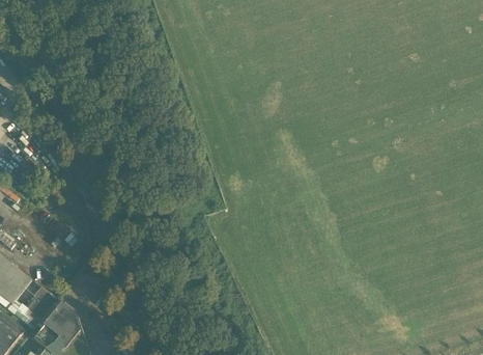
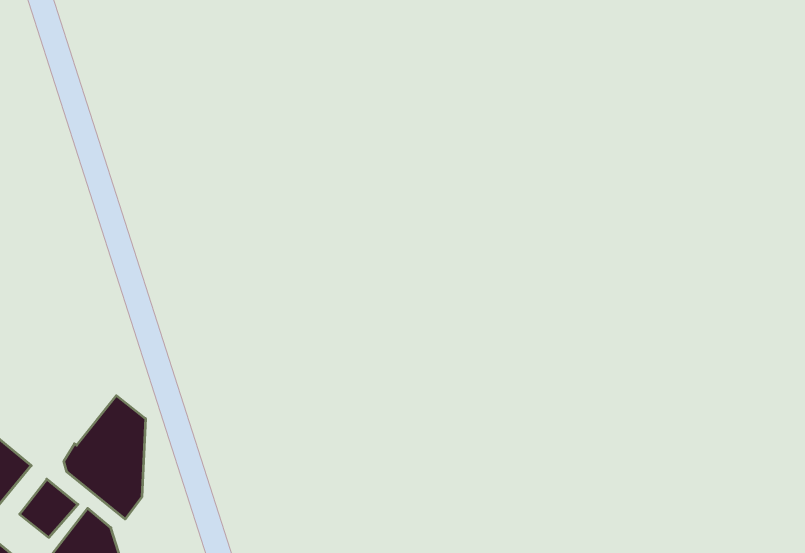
building: none -> [64,396,145,519]

